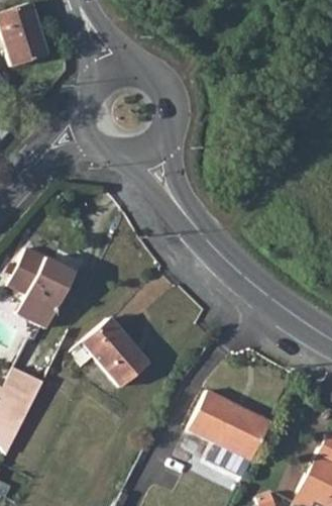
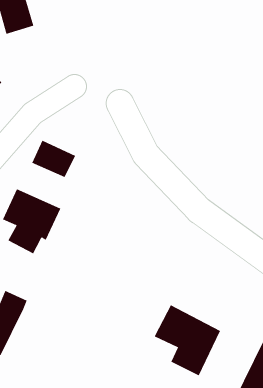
building: none -> [32,140,76,178]
building: [81,317,147,386] -> none

